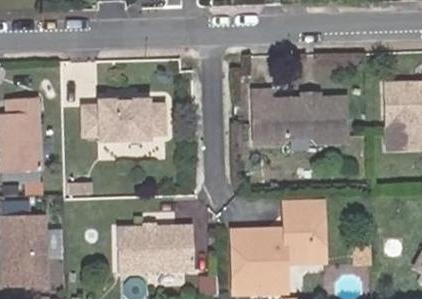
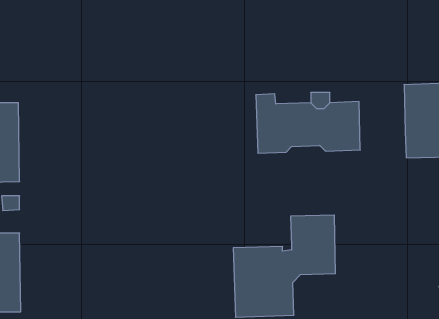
building: [87,104,169,145] -> none
building: [118,227,195,274] -> none

